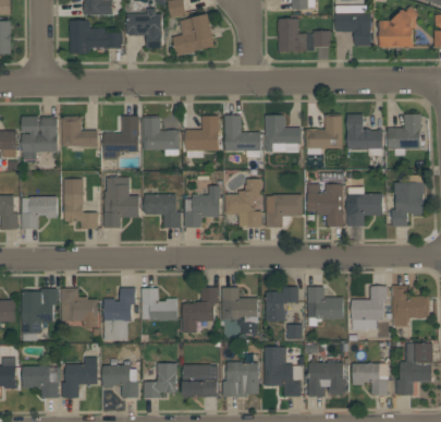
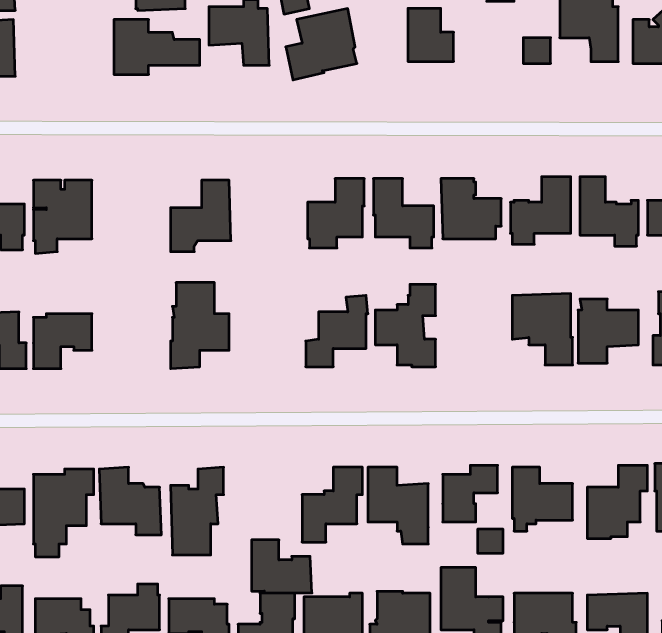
building: [279,20,306,51] -> [408,8,454,61]
building: [62,117,98,152] -> none
building: [144,117,180,156] -> none
building: [64,180,97,229] -> none
building: [144,194,181,228] -> none
building: [266,195,302,228] -> none
building: [142,289,177,321] -> [252,540,312,593]

